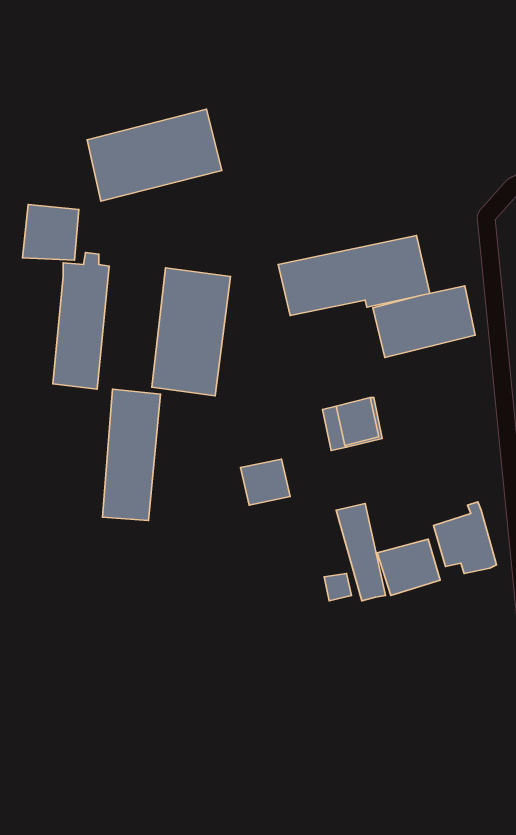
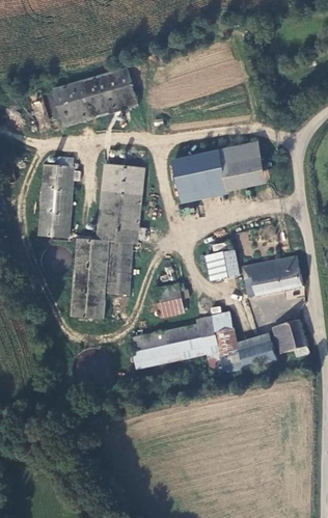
building: [23,204,79,260] -> none
building: [373,286,475,357] -> [238,249,300,293]
building: none -> [103,245,129,300]
building: none -> [127,315,213,361]

